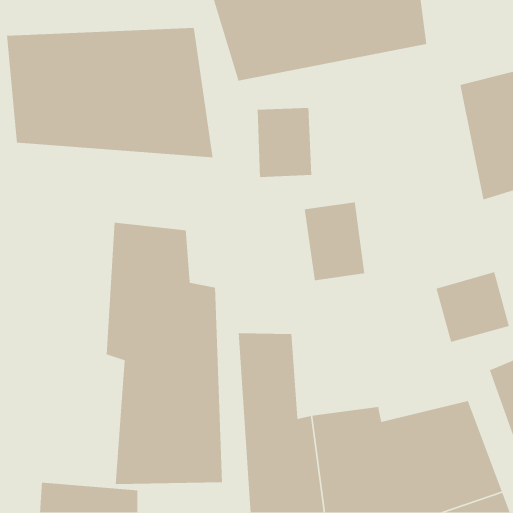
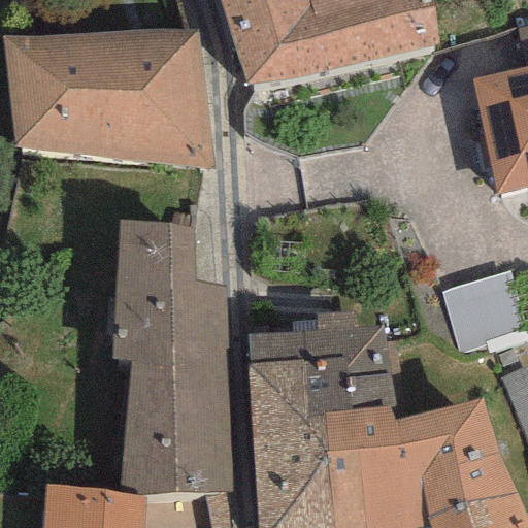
building: [257,107,312,178] -> none
building: [304,201,365,281] -> none
building: none -> [301,319,400,428]

